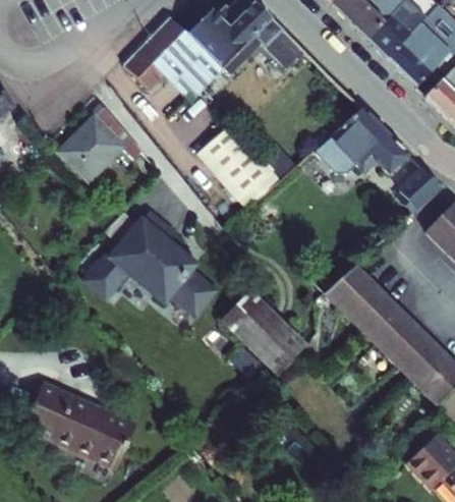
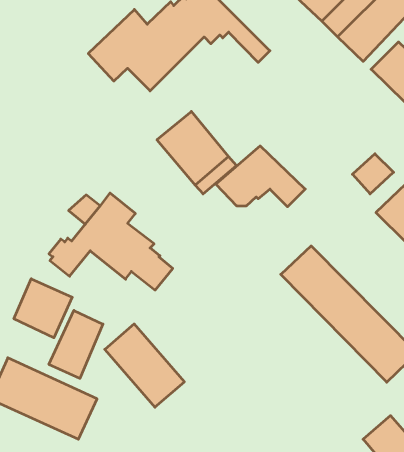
building: [59,106,132,183] -> none
building: [316,110,408,173] -> [216,146,305,207]
building: [219,287,301,374] -> [105,324,184,407]
building: none -> [14,279,72,338]
building: none -> [49,310,103,378]

